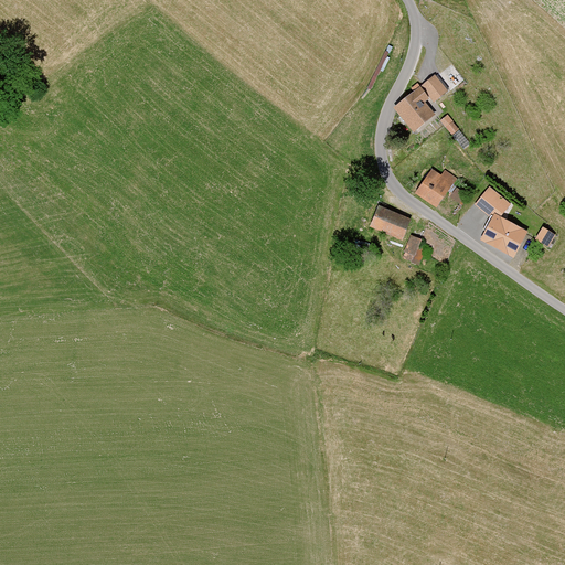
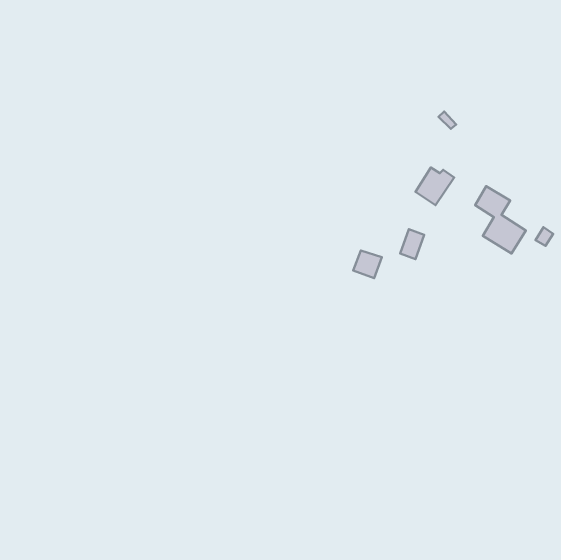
building: [394,76,446,132] -> none
building: [382,212,411,239] -> [353,251,382,278]

